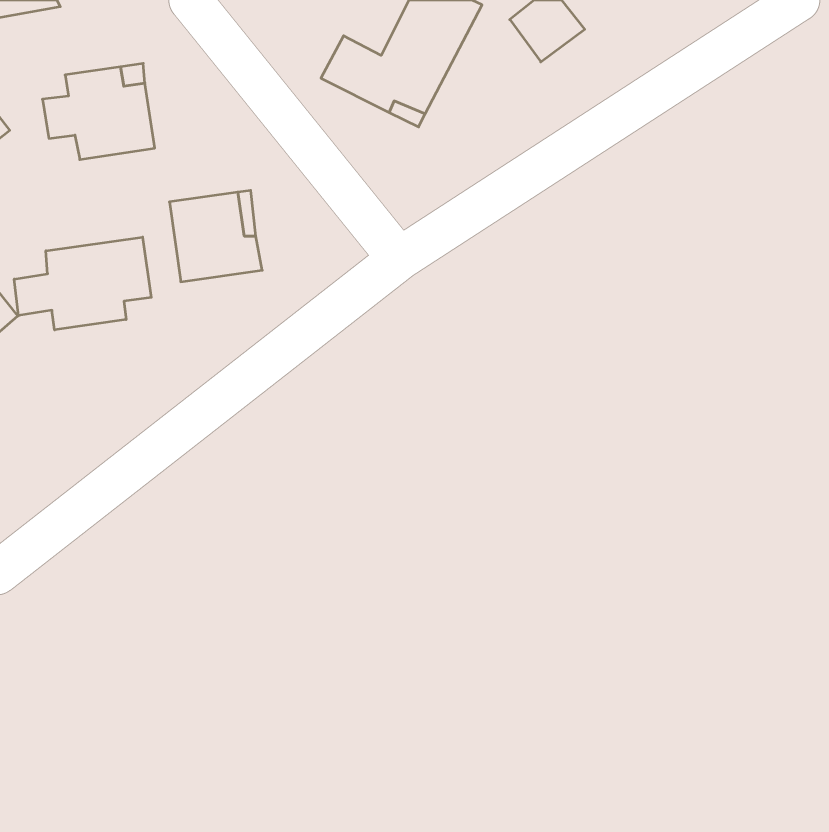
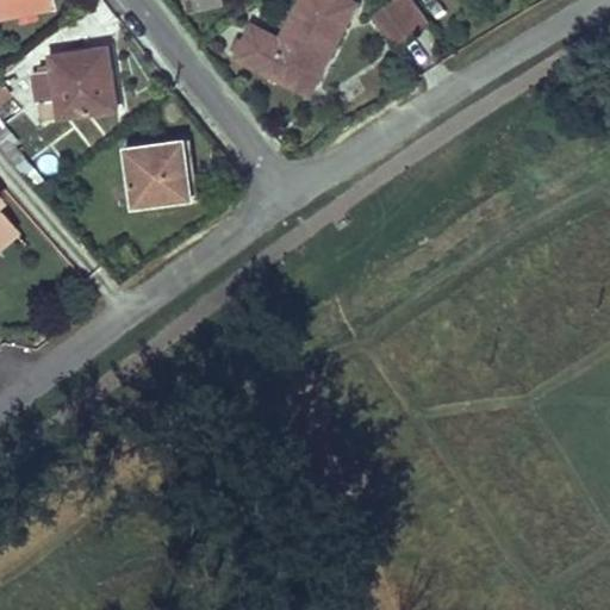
building: [14,237,151,330] -> none

